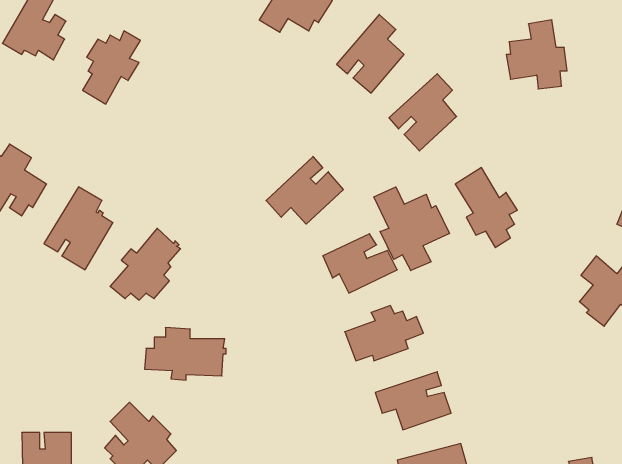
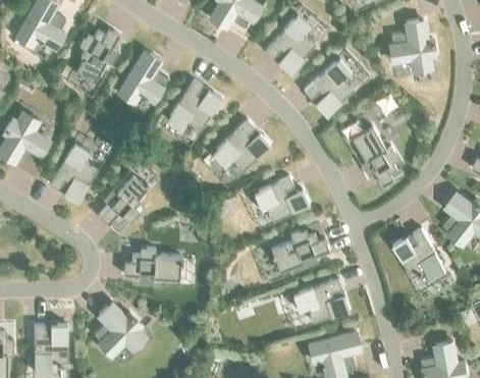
building: none -> [117,50,167,101]
building: none -> [166,78,221,128]
building: [374,187,449,271] -> none
building: none -> [392,231,444,281]

